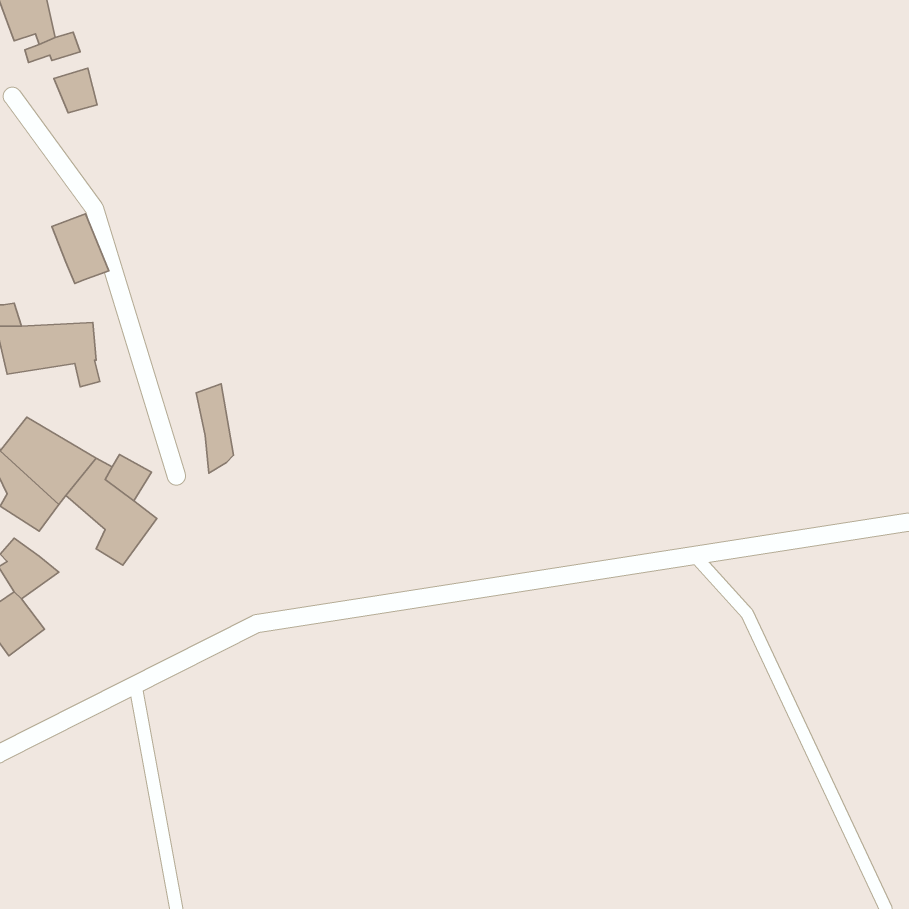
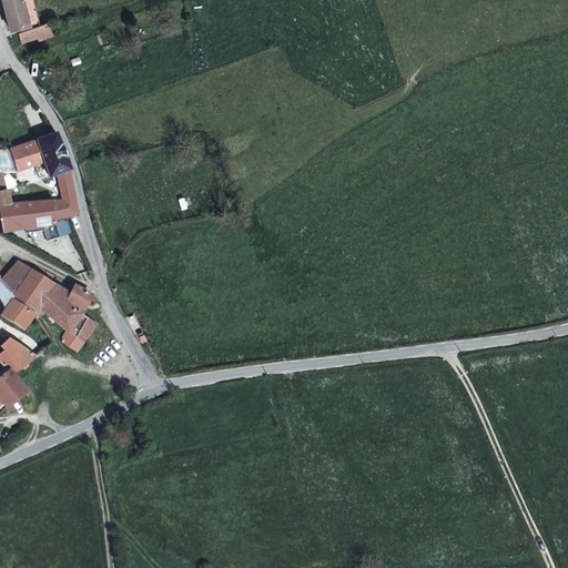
building: [54,68,97,113] -> none
building: none -> [8,141,41,171]
building: [196,384,234,473] -> [52,169,75,224]

